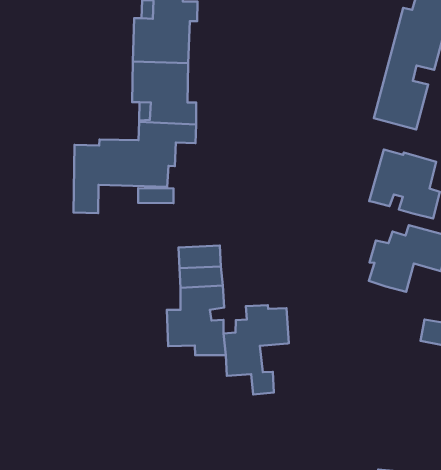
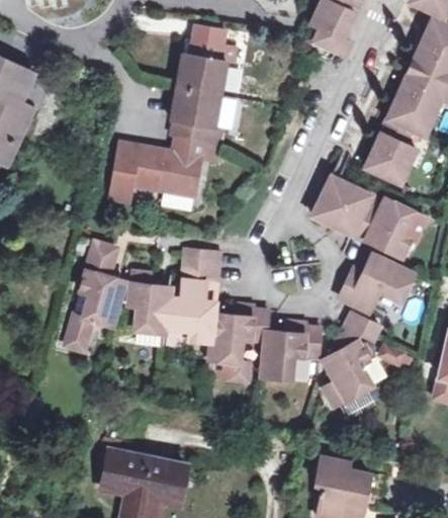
building: none -> [315,176,371,234]
building: none -> [71,242,121,337]
building: none -> [129,269,170,332]
building: none -> [323,312,379,406]
building: none -> [262,321,320,379]

